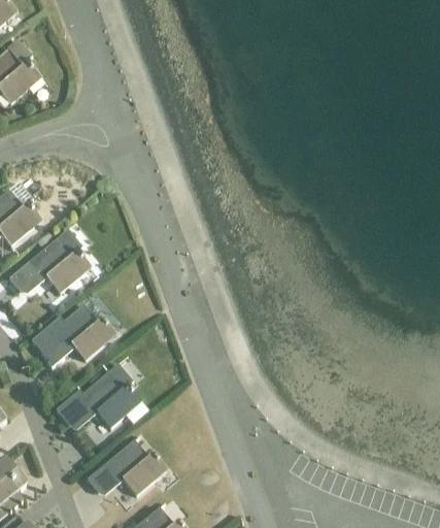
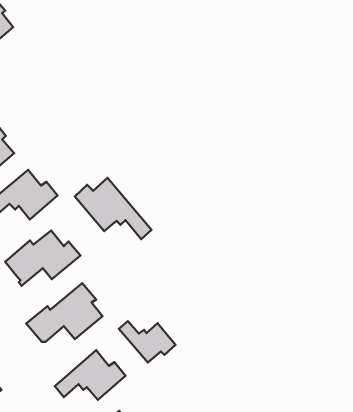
building: none -> [75,178,151,239]
building: none -> [119,321,176,363]

